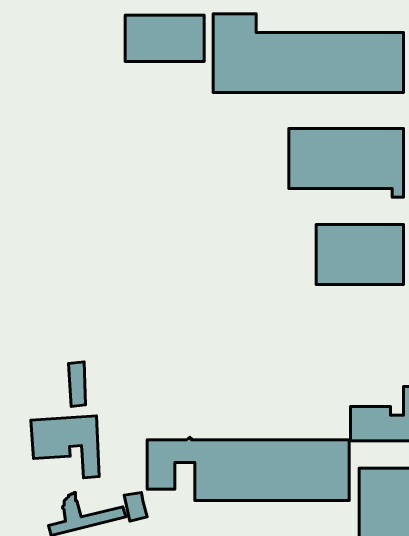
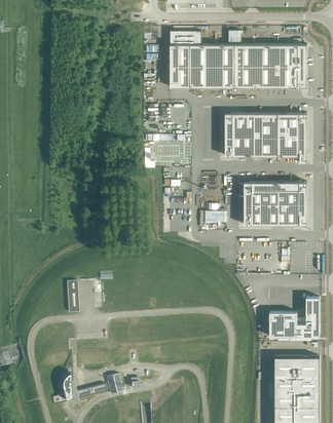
building: [125,15,204,61] -> none
building: [31,416,99,478] -> none
building: [147,437,349,500] -> none

